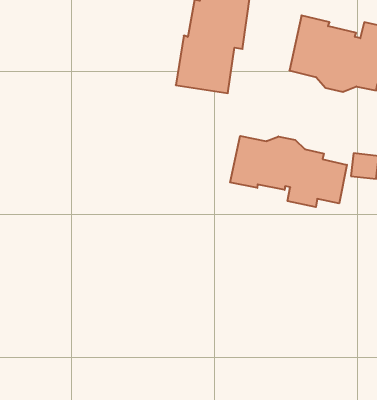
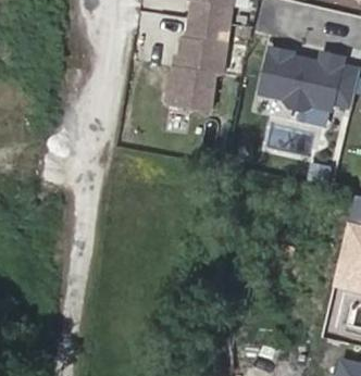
building: [230,136,347,207] -> none

